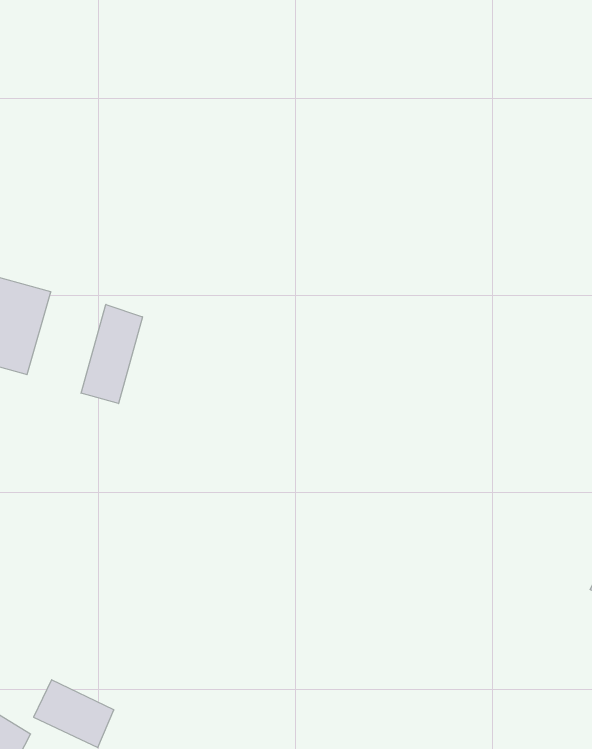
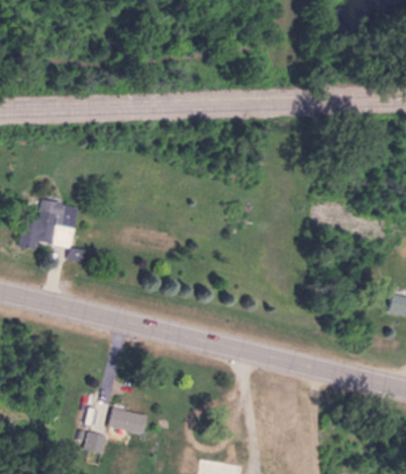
building: [81,304,142,404] -> none

